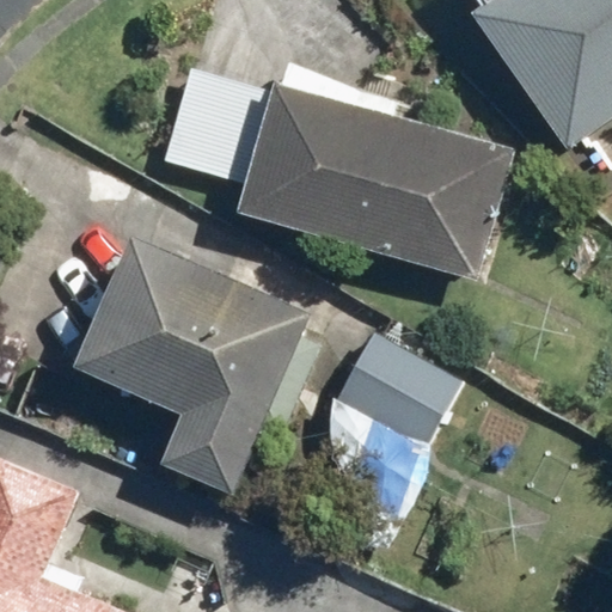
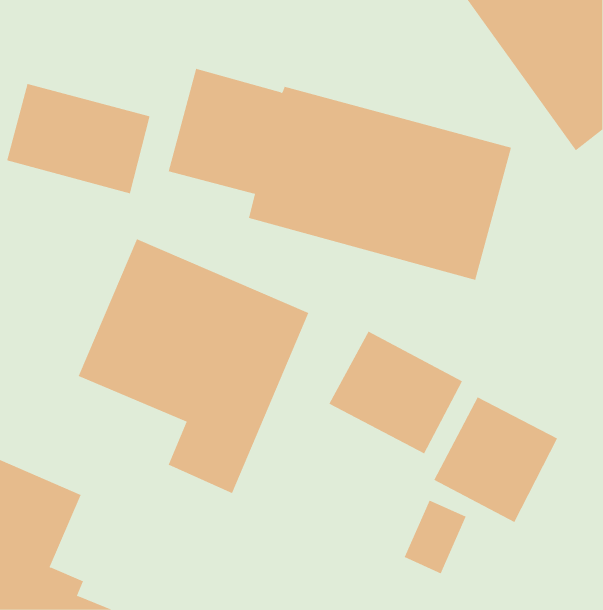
building: none -> [6,83,150,194]
building: none -> [433,397,558,523]

